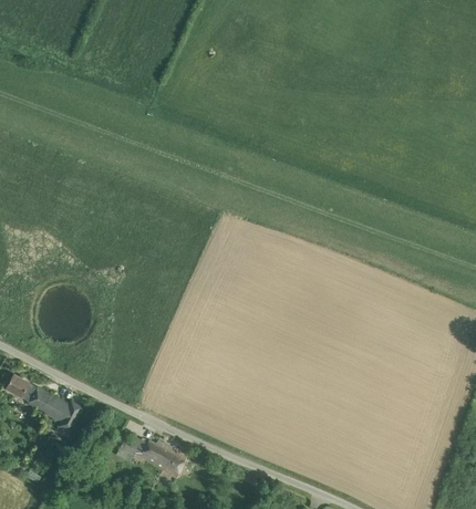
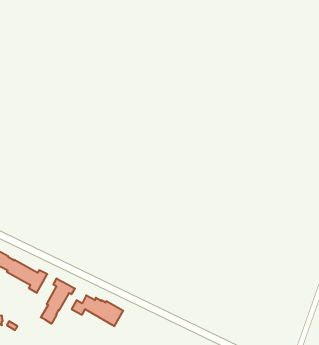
building: none -> [41,278,75,324]

